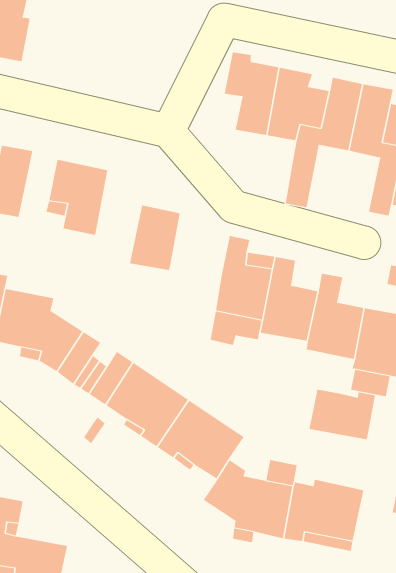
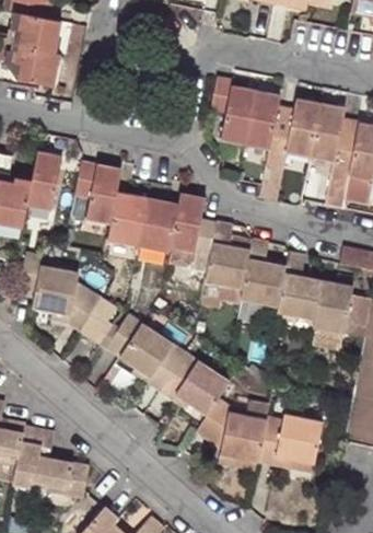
building: none -> [107,194,147,245]
building: none -> [170,195,215,255]
building: [309,389,376,440] -> none

